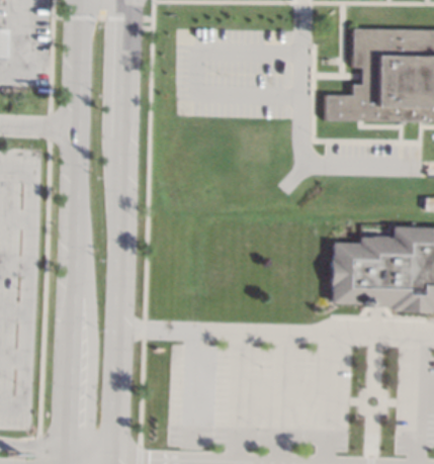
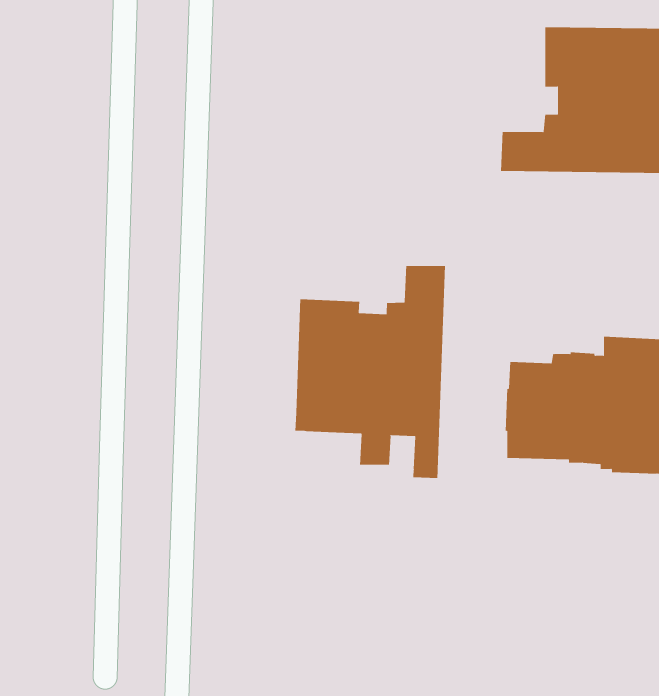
building: none -> [295,265,445,479]

